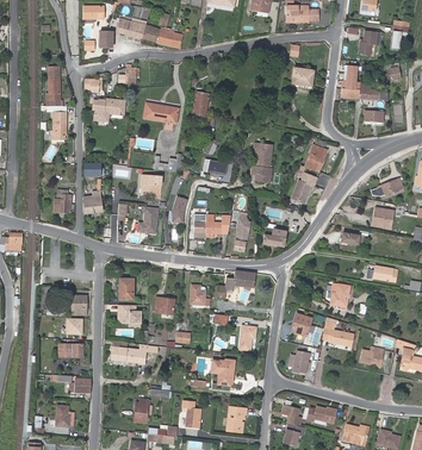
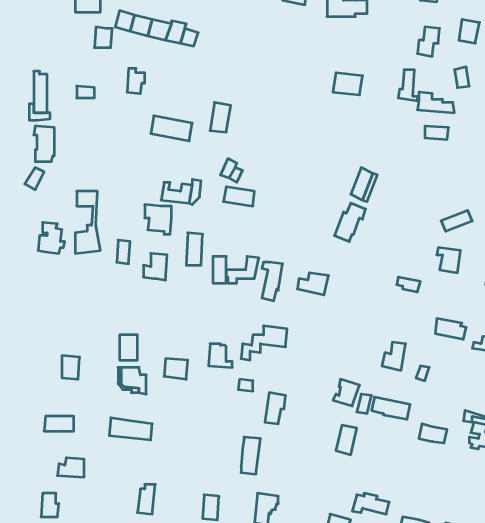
building: [92,99,125,121] -> none
building: [252,143,272,181] -> none

